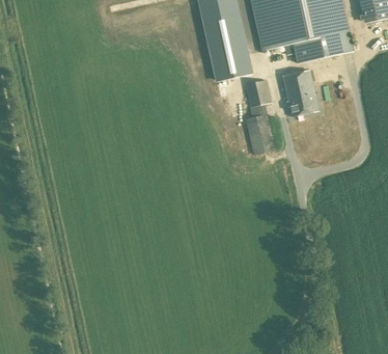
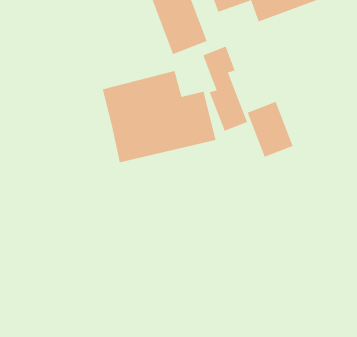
building: [282,69,318,116] -> [247,101,293,158]
building: none -> [102,70,216,163]

